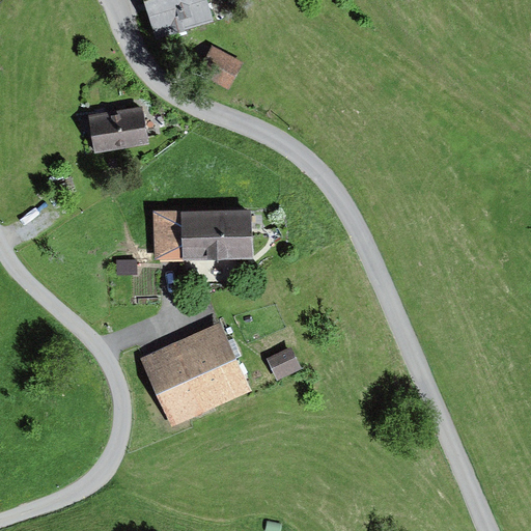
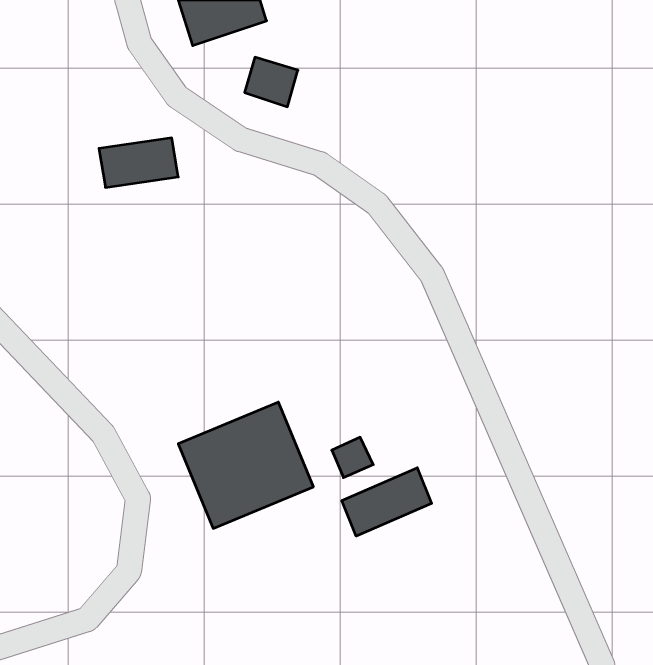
building: [152,205,255,262] -> none
building: none -> [342,468,432,536]

